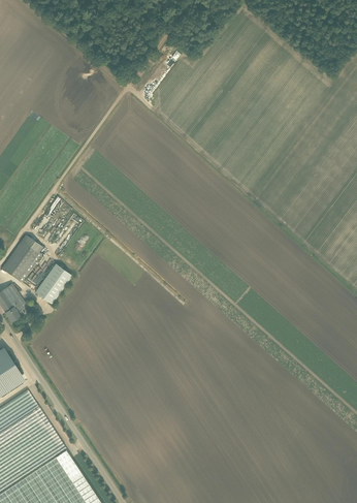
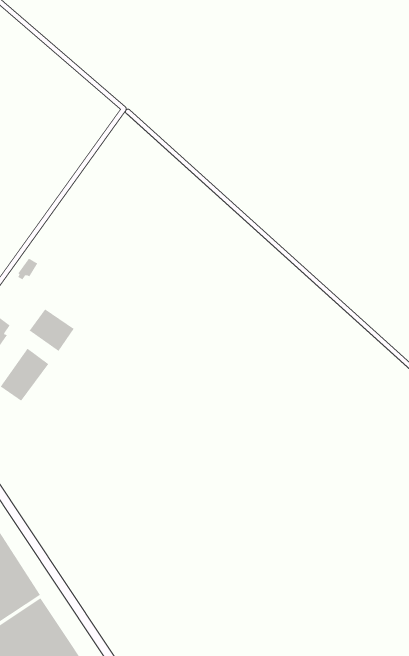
building: none -> [29,309,74,352]

